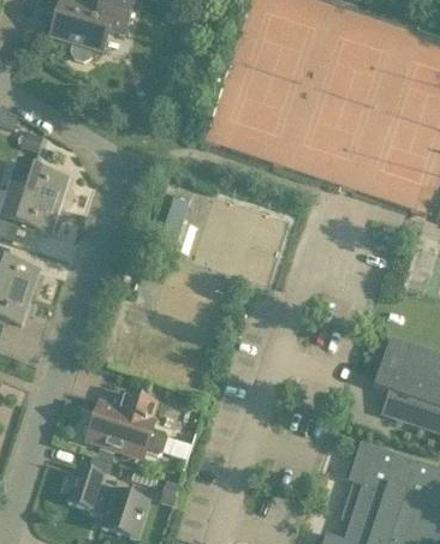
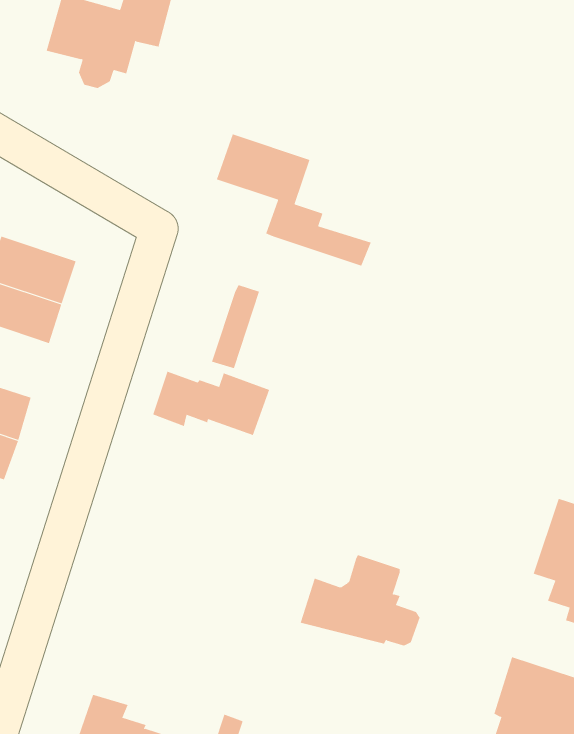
building: none -> [216,133,371,266]
building: none -> [153,371,270,436]
building: [87,393,167,454] -> [300,554,420,646]

